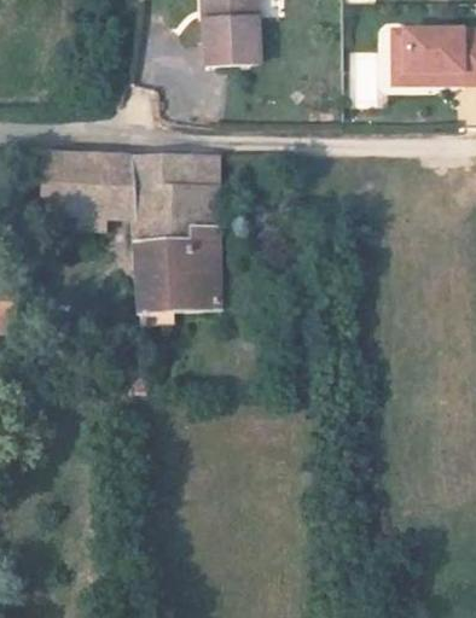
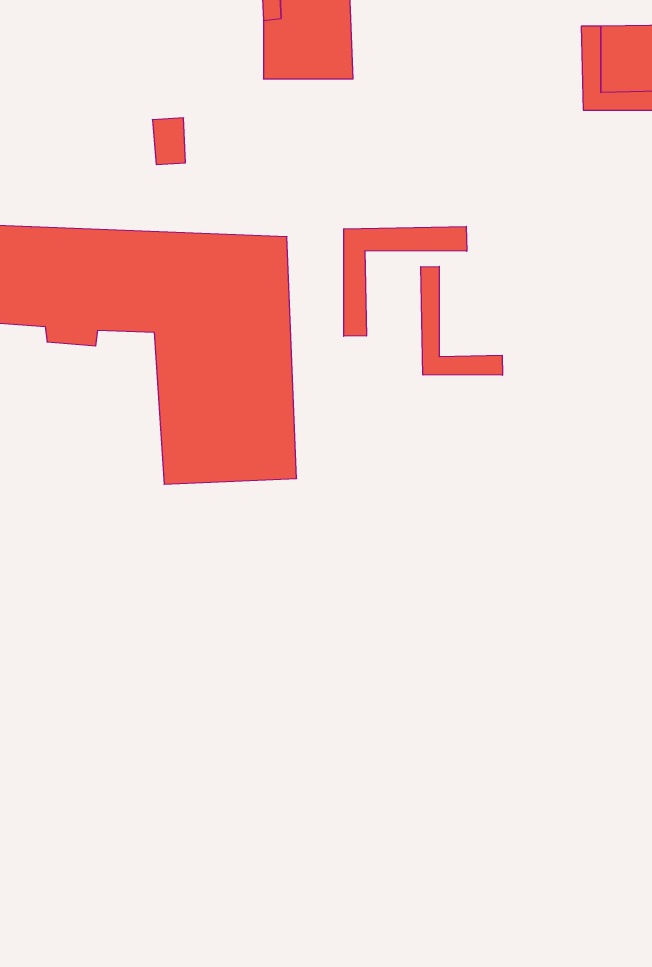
building: none -> [344,226,467,336]
building: none -> [421,266,502,375]

